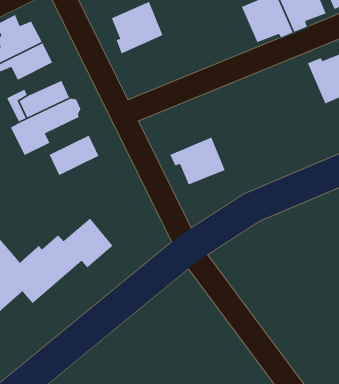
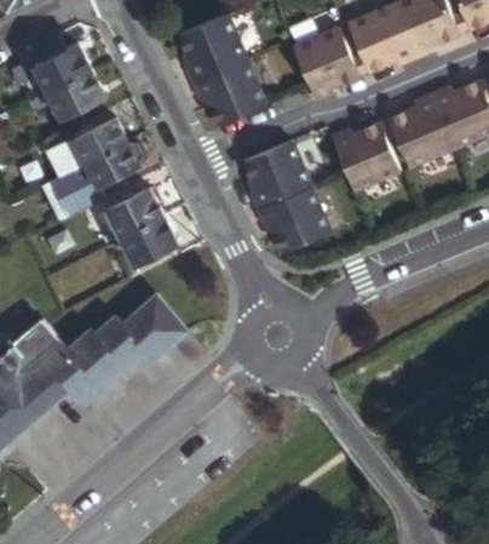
building: none -> [293,27,357,99]
building: none -> [194,59,267,126]
building: none -> [389,95,455,167]
building: none -> [332,124,398,190]
building: none -> [242,143,310,212]
building: none -> [114,214,178,262]

